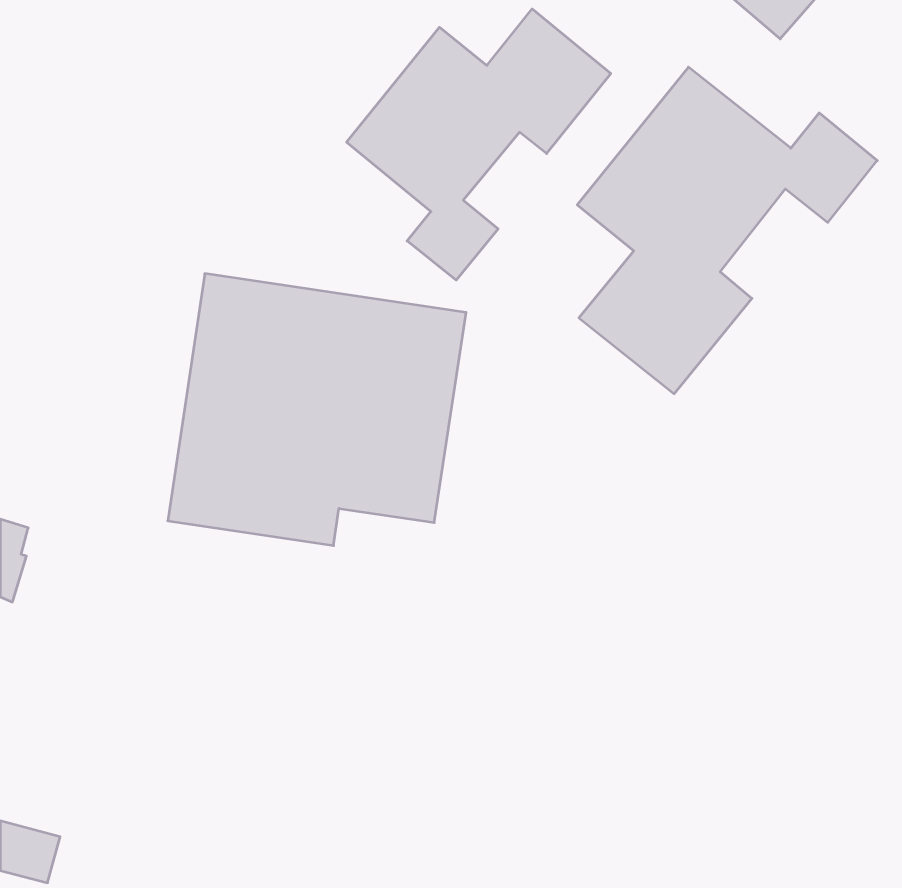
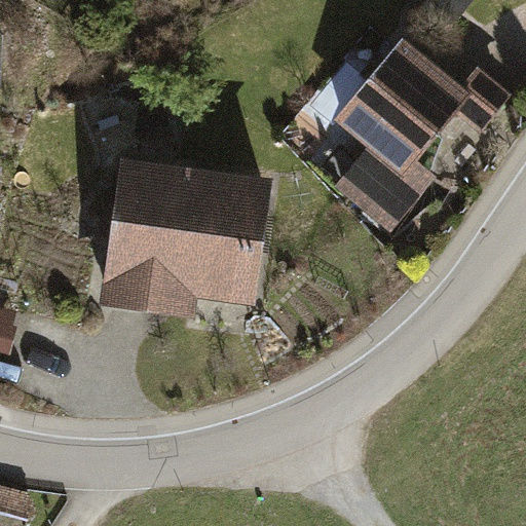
building: [347,9,611,280] -> none

